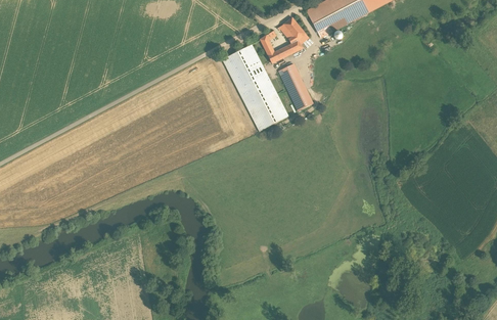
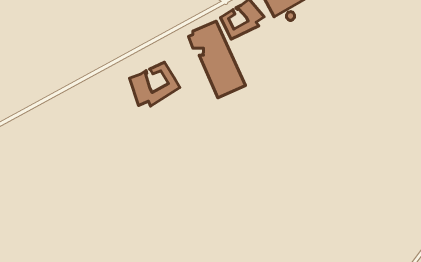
building: [278,64,312,110] -> none
building: none -> [130,62,180,106]

